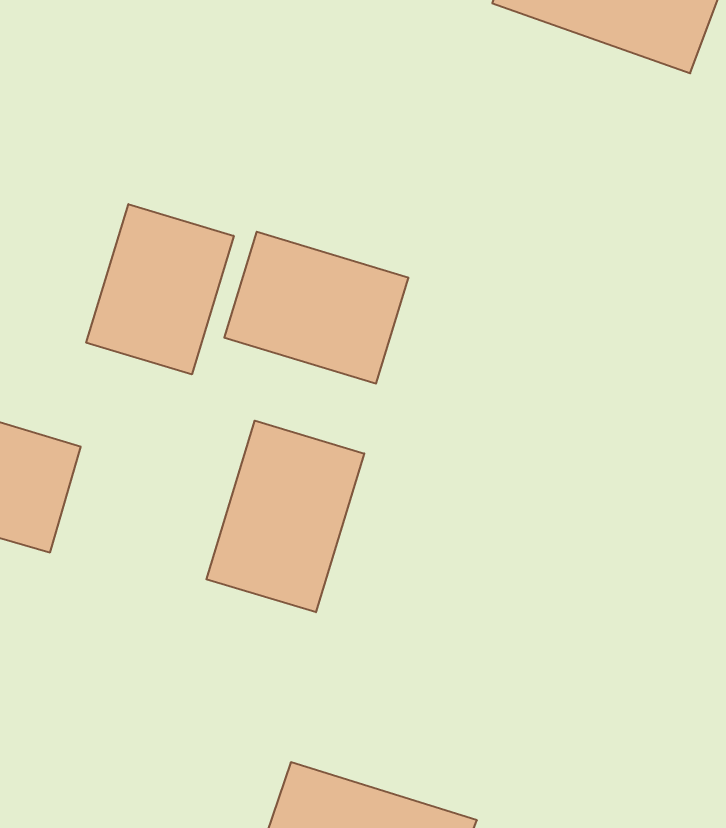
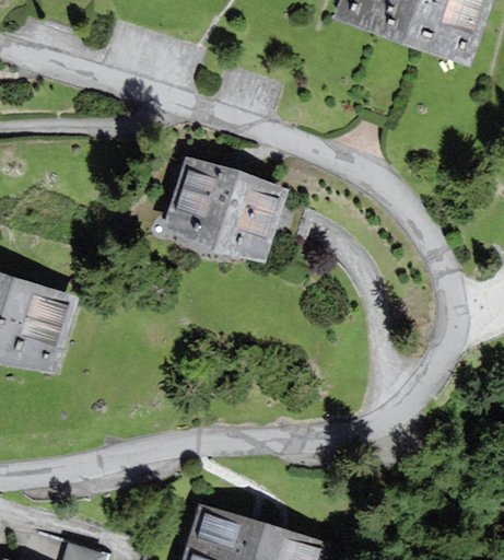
building: [86,204,234,374] -> none
building: [206,421,364,612] -> none

